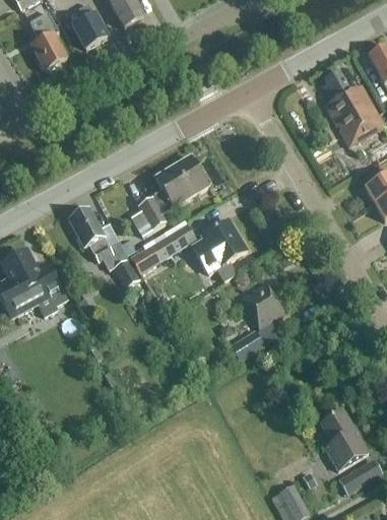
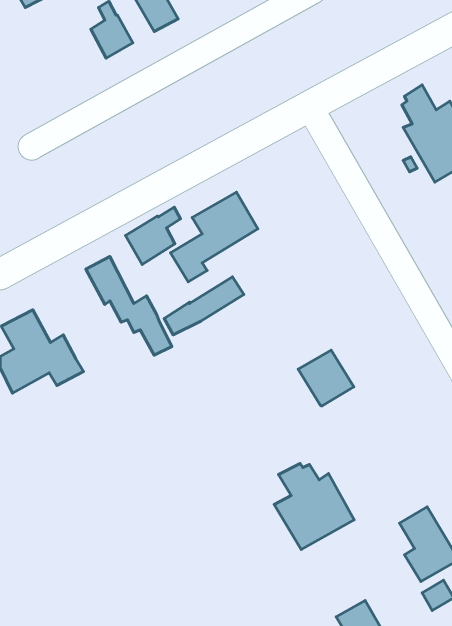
building: [29,12,66,69] -> none
building: none -> [126,207,180,264]
building: [191,218,247,278] -> none
building: [232,326,270,360] -> none
building: none -> [274,463,354,550]

